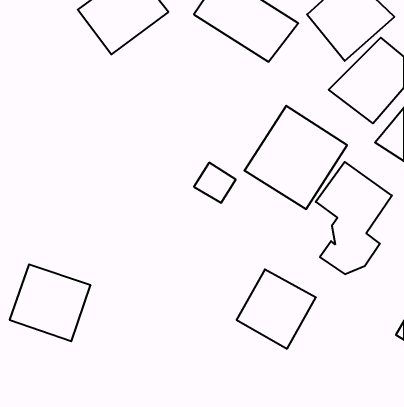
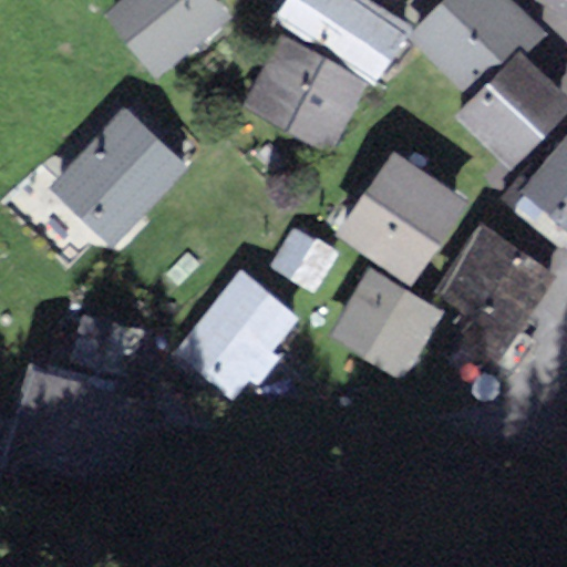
building: none -> [244,43,365,154]
building: none -> [48,107,189,255]
building: none -> [163,267,291,400]
building: [237,269,316,349] -> [329,268,439,378]

